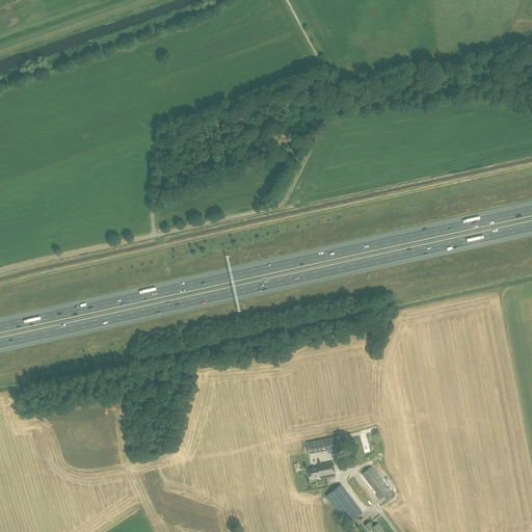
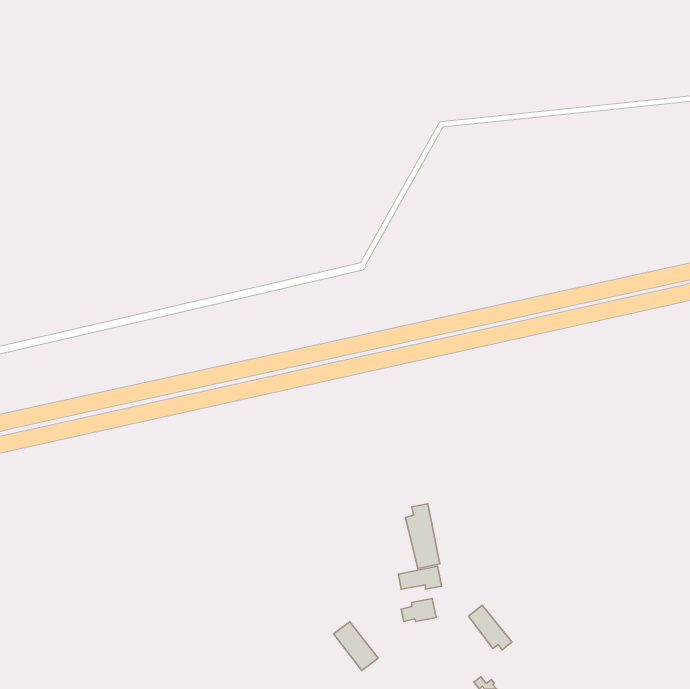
building: none -> [405,504,440,568]
building: [326,485,361,523] -> [334,622,378,670]

